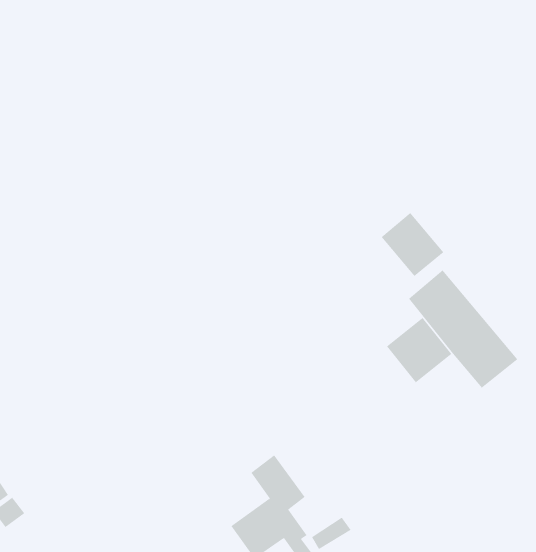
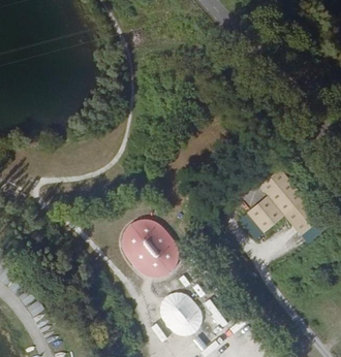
building: [381,212,444,277] -> none
building: none -> [122,220,175,273]

